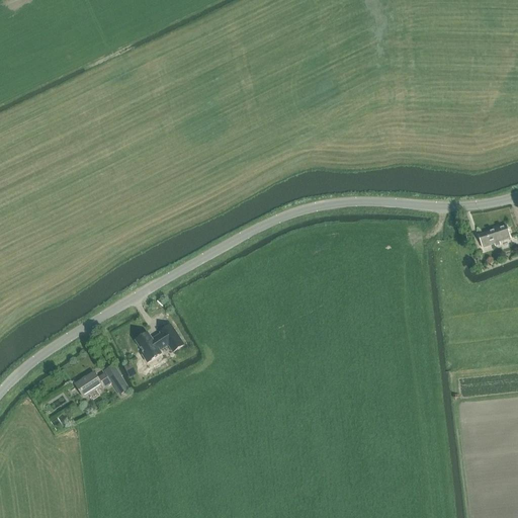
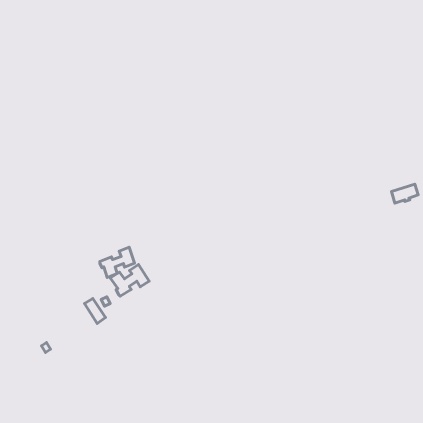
building: none -> [100,247,135,278]
building: [74,372,110,397] -> none

